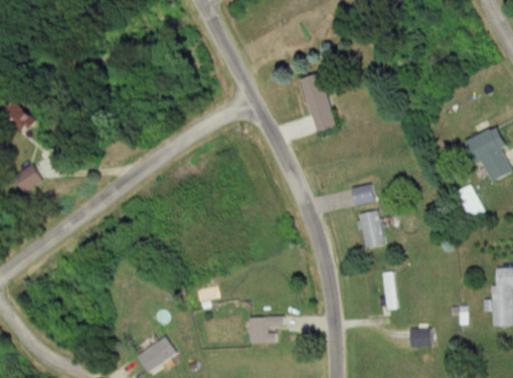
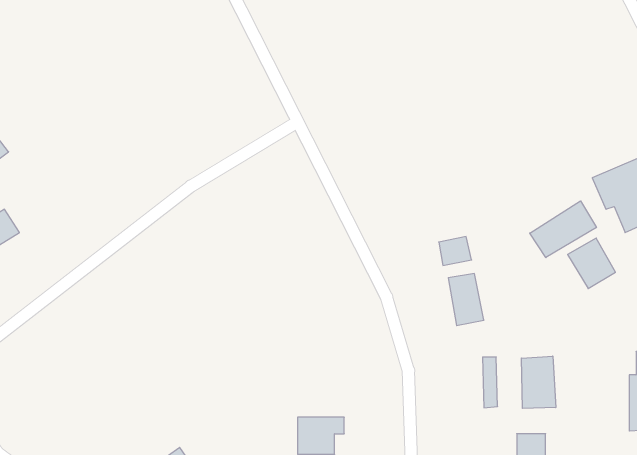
building: [303,74,339,133] -> none
building: none -> [530,201,596,258]
building: none -> [521,356,556,408]

